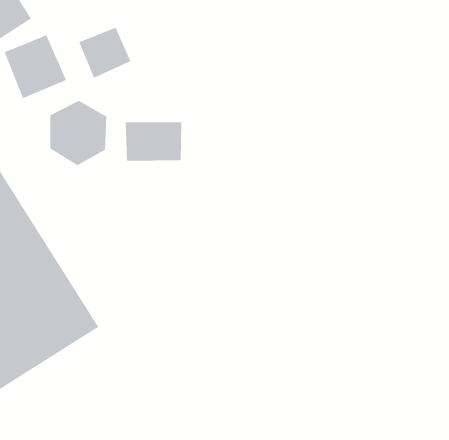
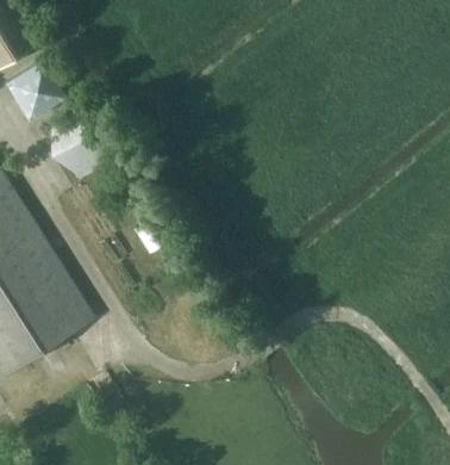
building: [78,27,131,78] -> none
building: [125,121,182,161] -> none

